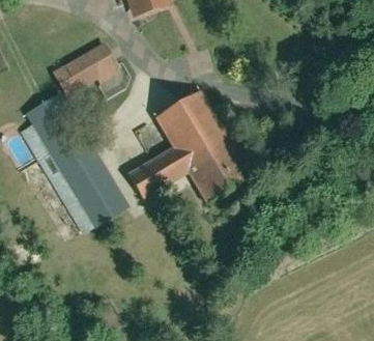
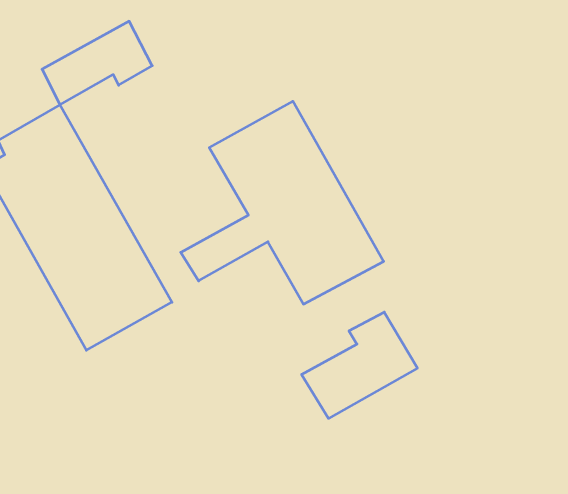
building: none -> [302,312,417,418]

